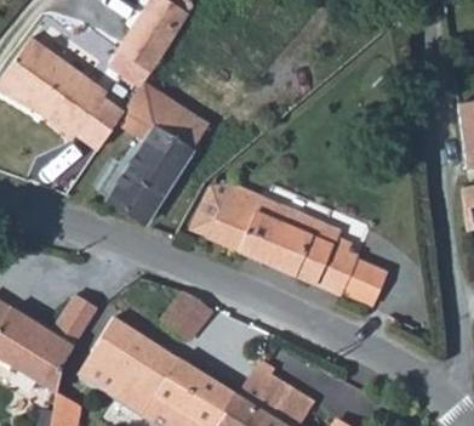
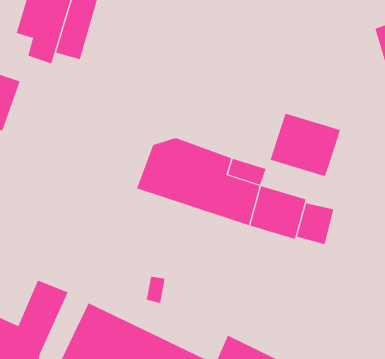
building: [103,87,188,221] -> none
building: none -> [270,113,341,177]

